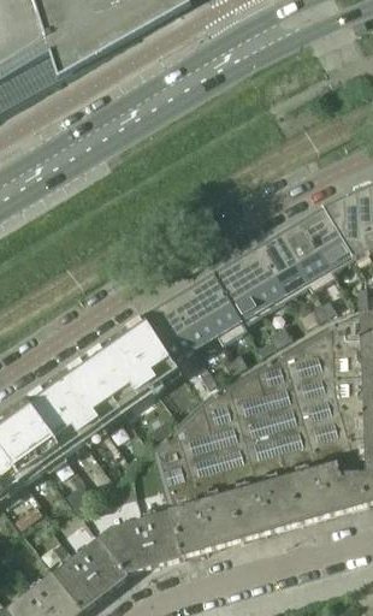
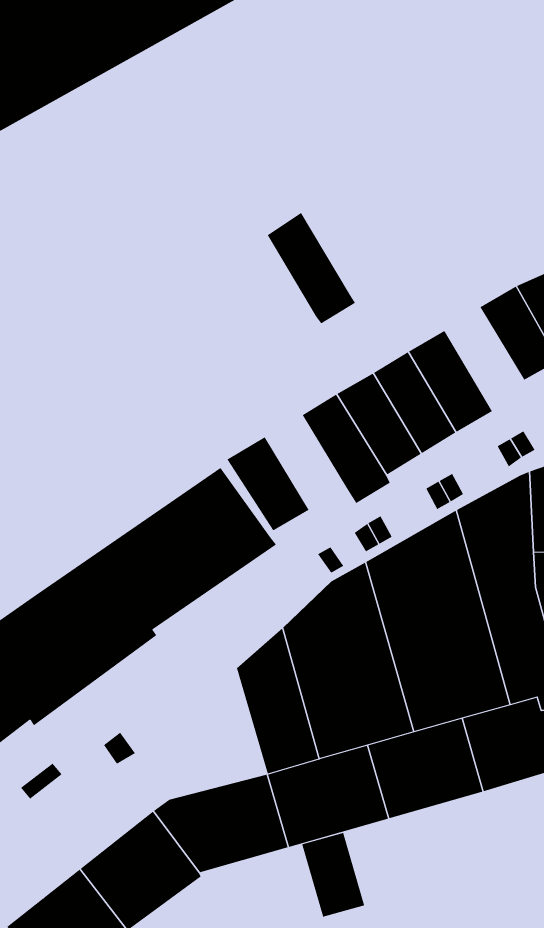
building: [282,219,337,289] -> [267,212,356,324]
building: [170,286,220,345] -> none
building: none -> [302,832,365,918]

